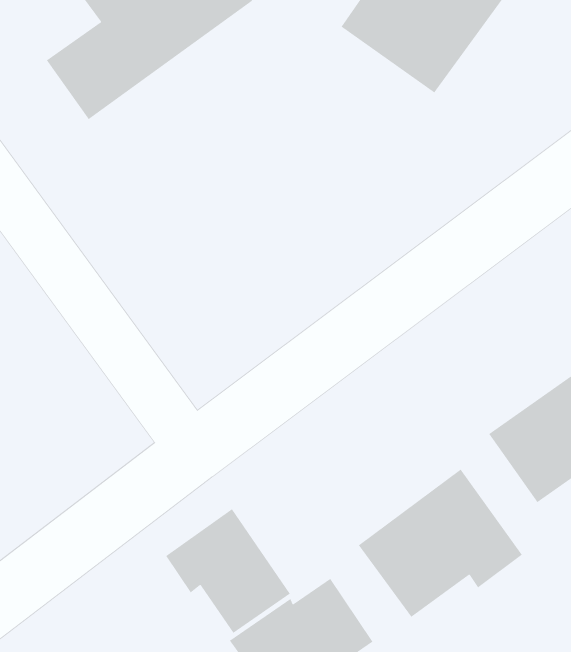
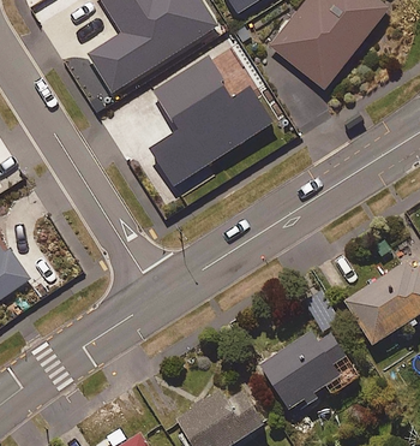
building: none -> [149,44,274,194]
building: [165,508,291,634] -> none

